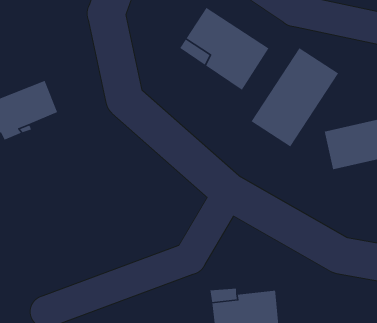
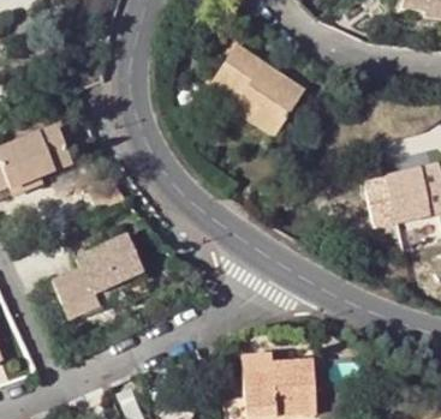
building: [250,47,339,147] -> none
building: none -> [52,234,148,317]

